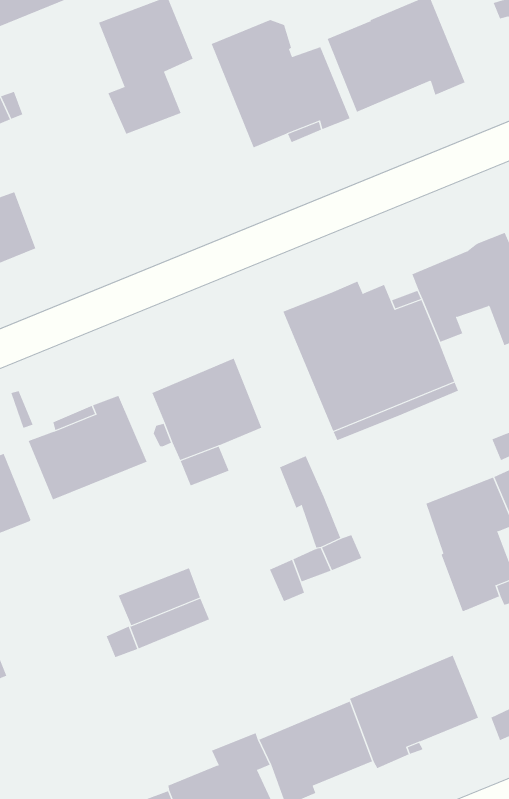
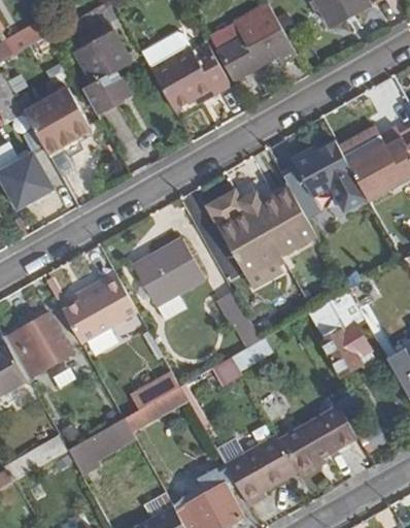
building: none -> [25,91,89,155]
building: none -> [67,425,124,475]

